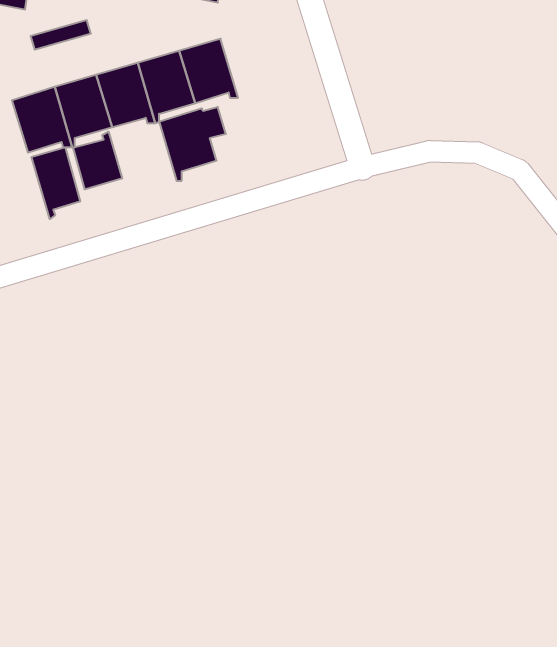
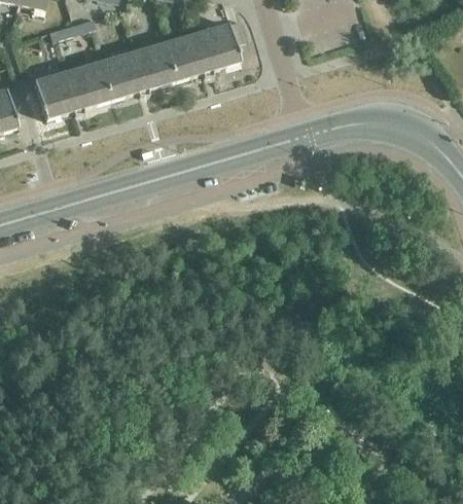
building: [159,107,226,181] -> [194,21,246,77]
building: [73,132,122,189] -> none
building: [32,147,80,219] -> none

